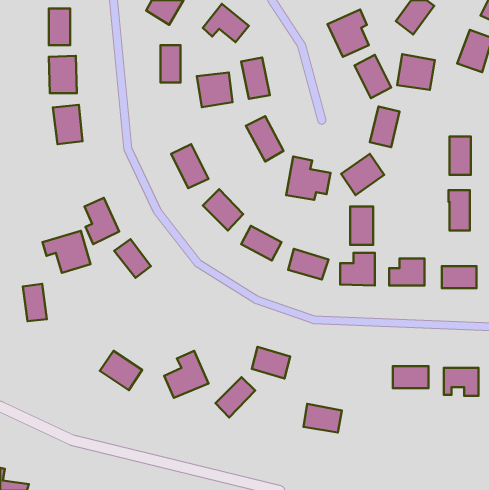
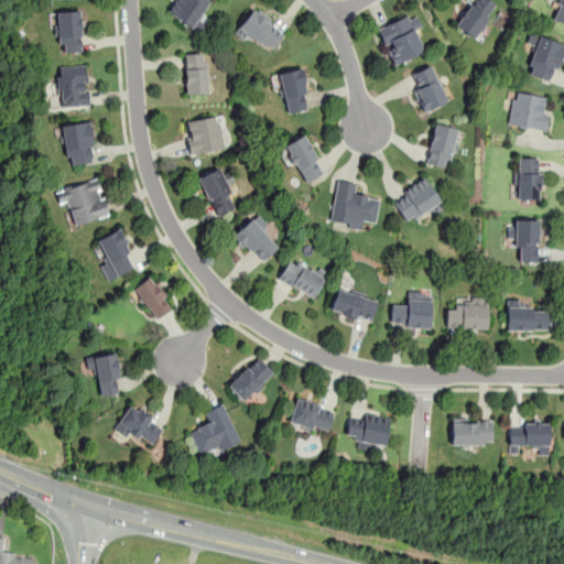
building: [397,54,435,90] -> [509,91,552,132]
building: [197,72,233,107] -> [185,117,226,156]
building: [350,207,373,245] -> none
building: [43,231,91,273] -> [56,177,111,226]
building: [23,284,47,321] -> [95,352,122,395]
building: [216,377,255,418] -> [229,356,274,402]
building: [303,404,342,433] -> [347,415,391,448]

